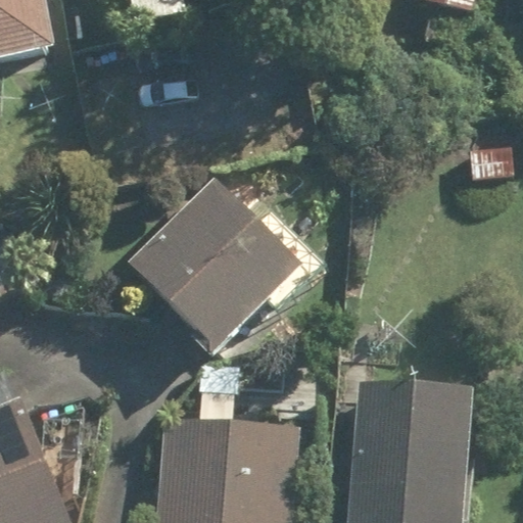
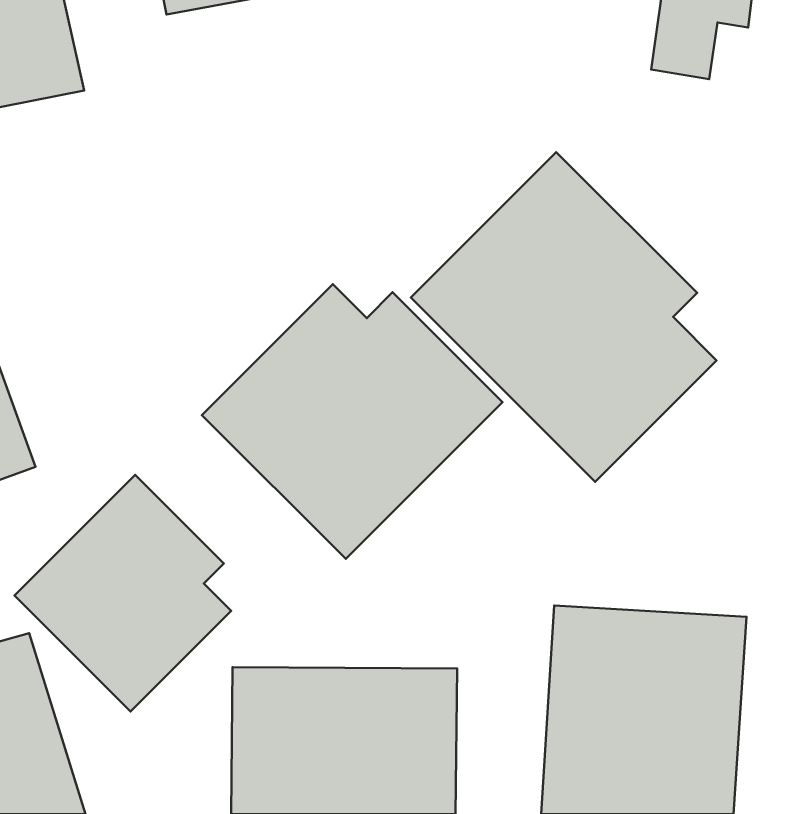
building: none -> [411,152,717,482]
building: none -> [14,475,231,711]

